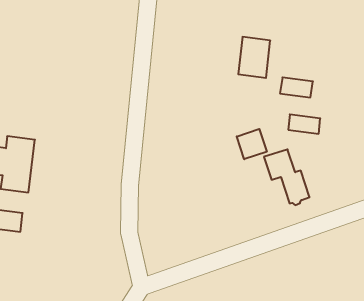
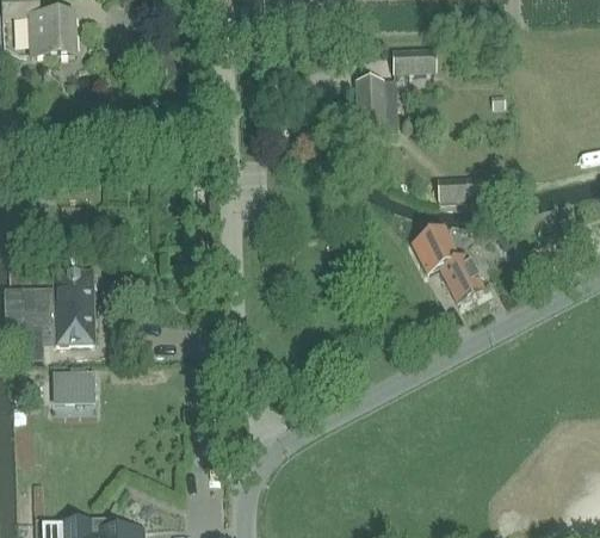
building: [280,77,313,97] -> [392,49,435,73]
building: [237,129,267,159] -> none

